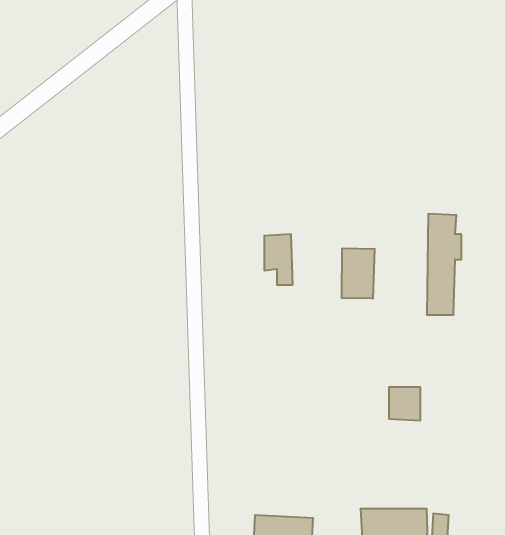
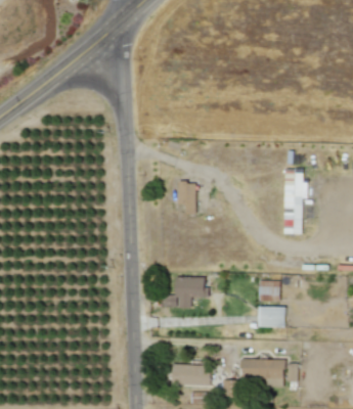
building: [342,248,375,299] -> none
building: none -> [162,277,210,307]
building: none -> [259,306,286,327]

